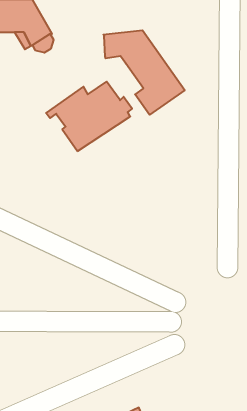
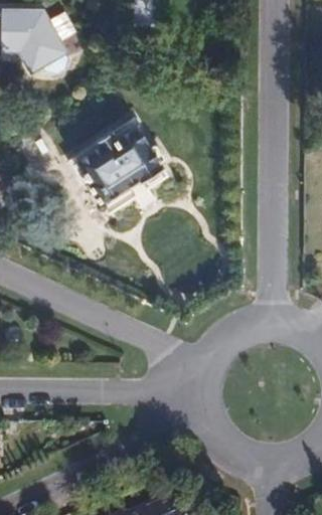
building: [103,30,185,115] -> none

